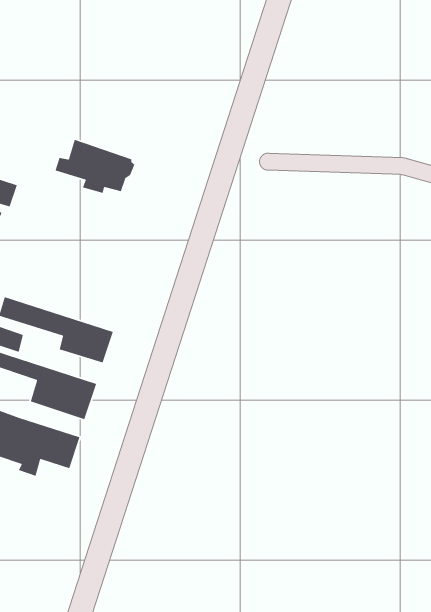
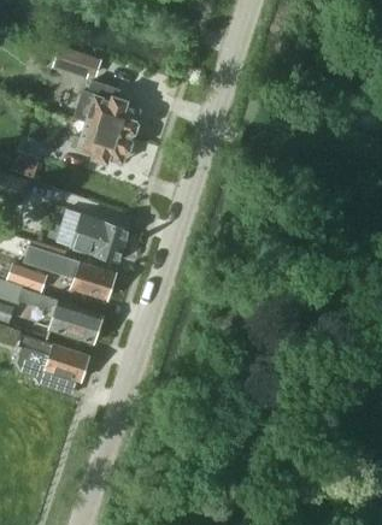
building: none -> [55,48,99,76]
building: none -> [74,82,140,137]
building: none -> [72,214,130,261]

